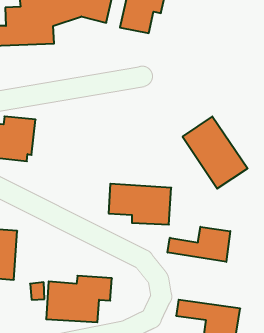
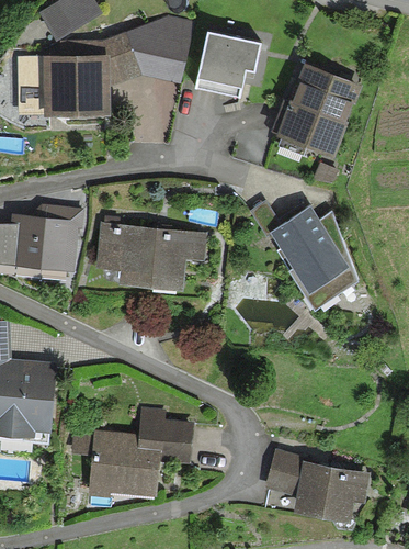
building: none -> [279,67,353,148]
building: [109,184,171,225] -> [112,226,197,282]
building: [168,227,230,262] -> none

